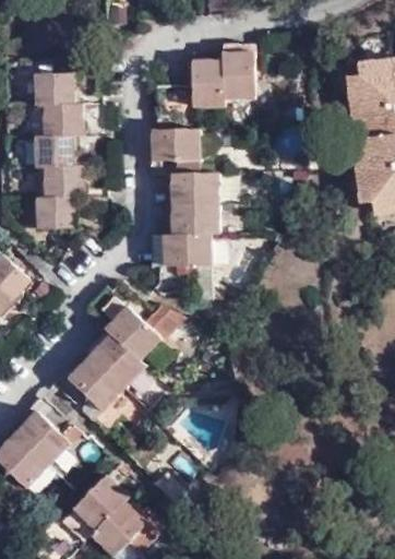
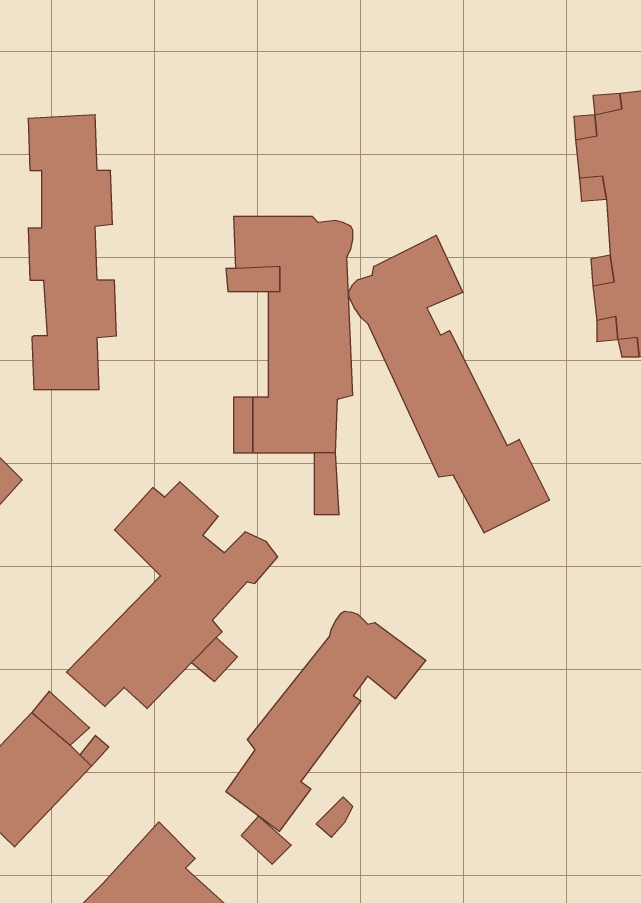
building: [153,52,252,131] -> none
building: none -> [348,235,550,533]
building: none -> [226,611,426,832]

